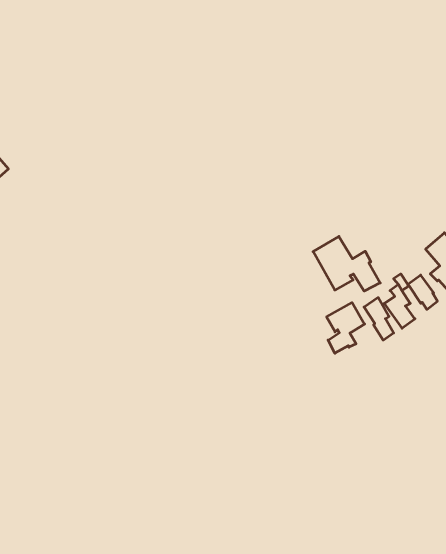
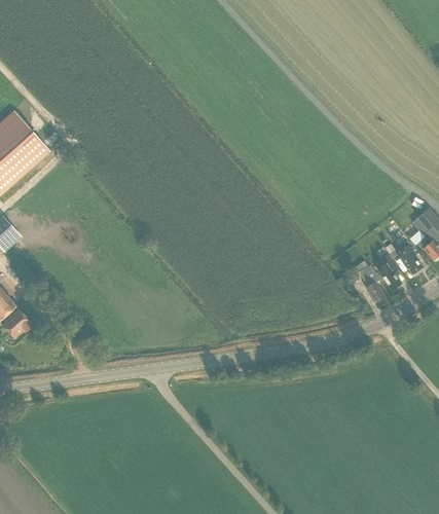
building: [313,236,380,291] -> none
building: [327,303,365,353] -> none

